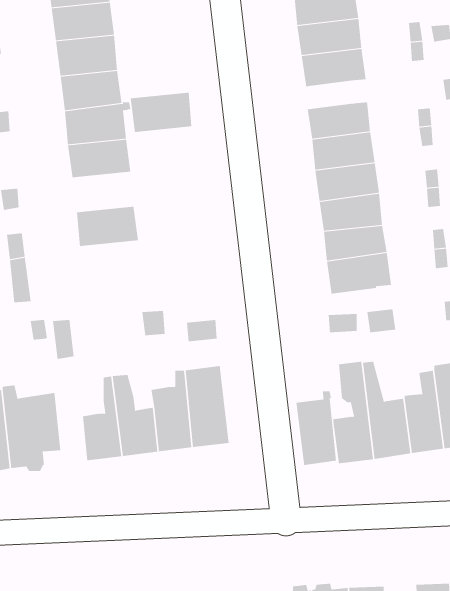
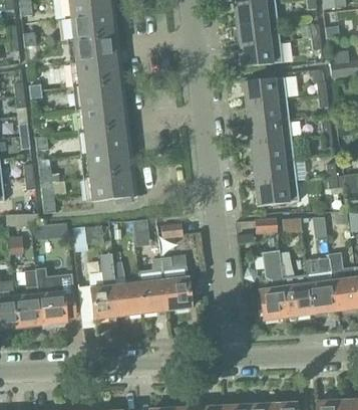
building: [130,92,192,132] -> [83,124,125,151]
building: none -> [88,170,131,200]
building: [296,391,336,466] -> none

